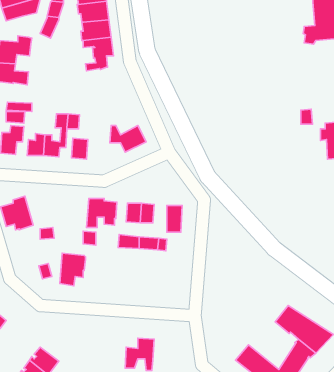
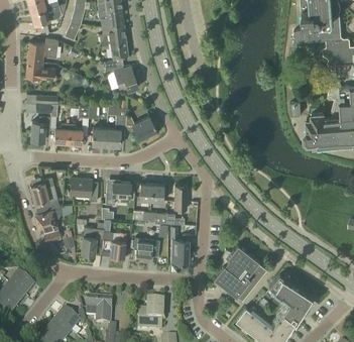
building: none -> [105,65,138,90]
building: none -> [105,114,126,145]
building: none -> [70,178,98,201]
building: none -> [35,202,62,242]
building: none -> [170,226,192,262]
building: none -> [103,231,126,257]
building: none -> [133,236,153,260]
building: none -> [213,244,265,300]
building: none -> [88,297,113,323]

